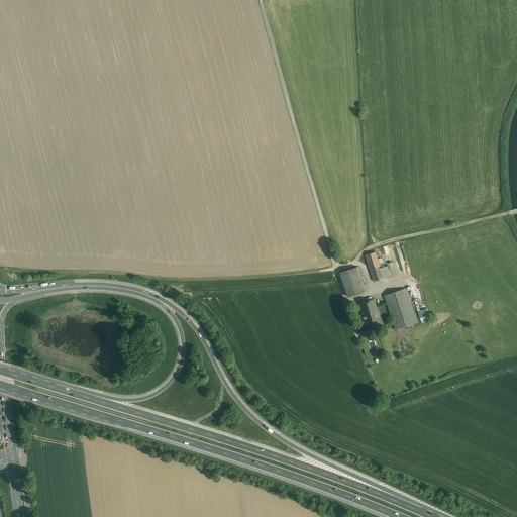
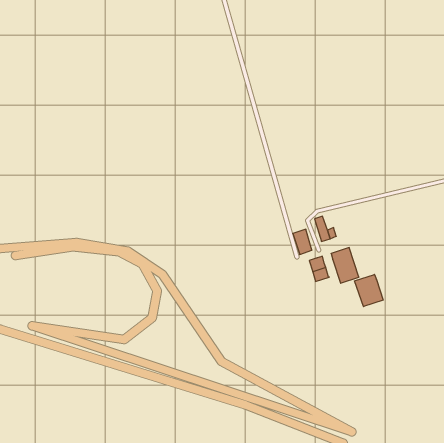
building: none -> [355,274,383,307]

